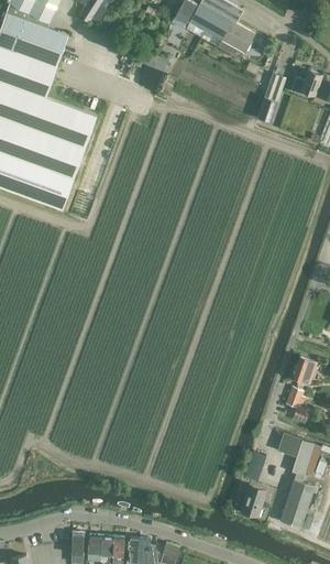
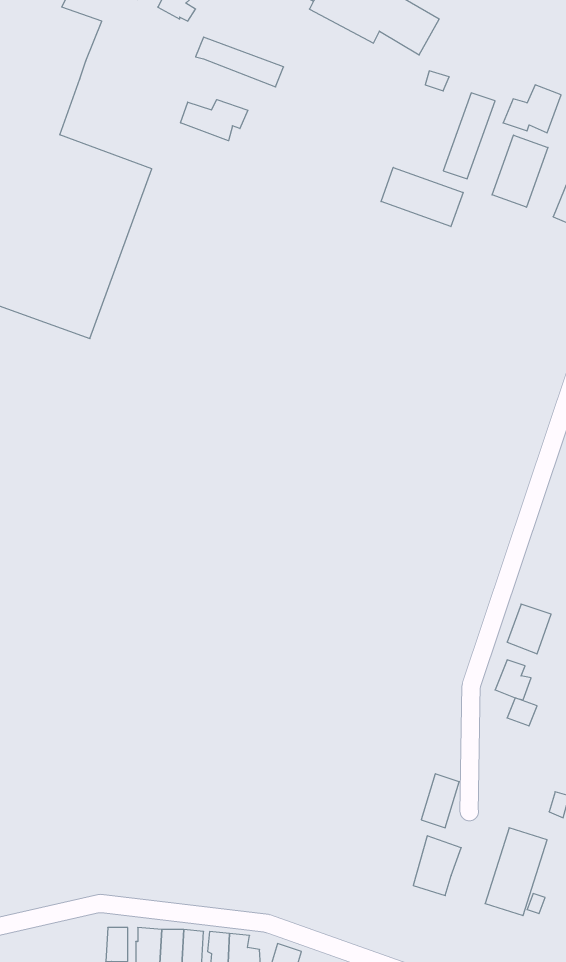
building: none -> [181,100,248,141]
building: none -> [492,135,548,207]
building: none -> [381,167,463,227]
building: [277,432,315,476] -> none

